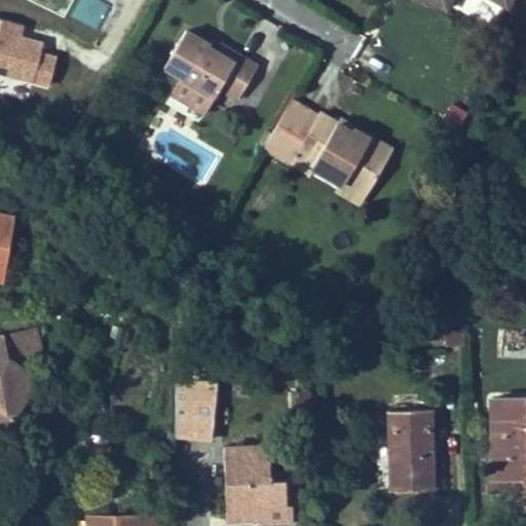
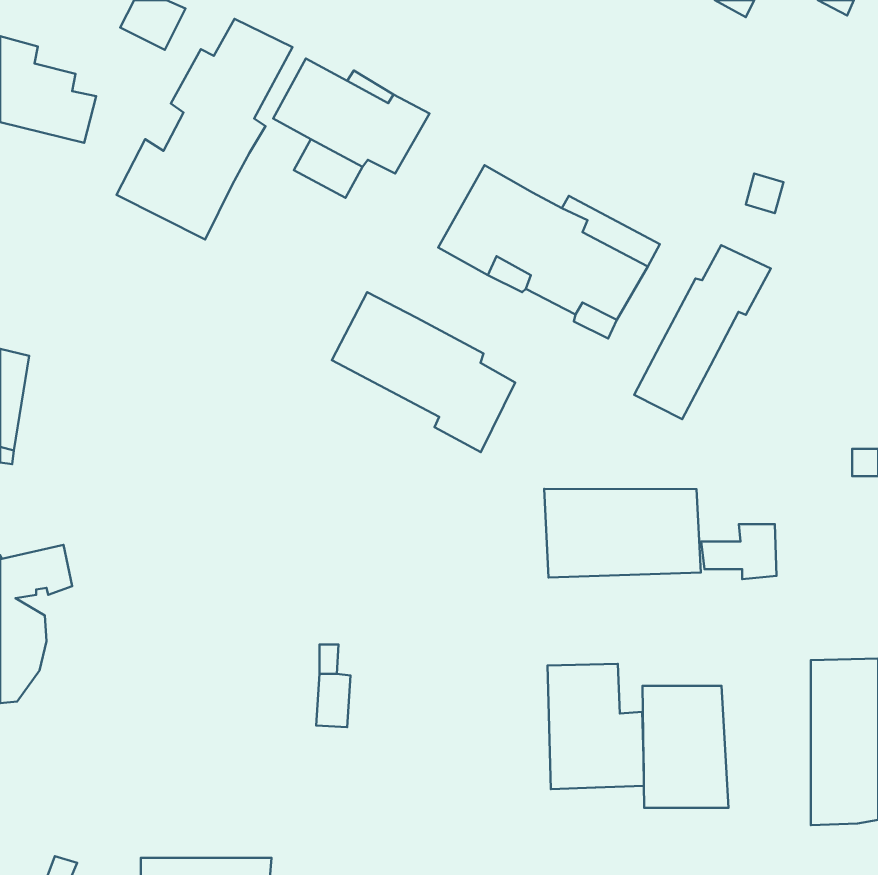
building: none -> [116,19,293,240]
building: none -> [634,245,771,419]
building: none -> [332,292,515,452]
building: none -> [544,489,701,577]
building: [223,445,280,520] -> [548,664,644,789]

